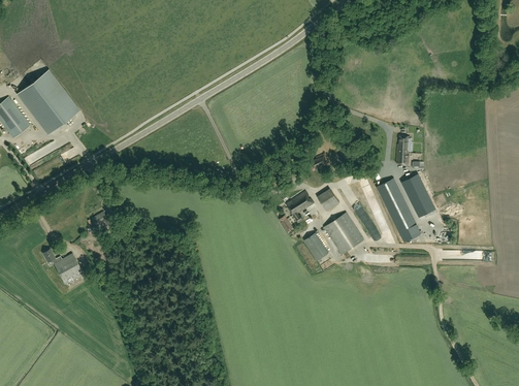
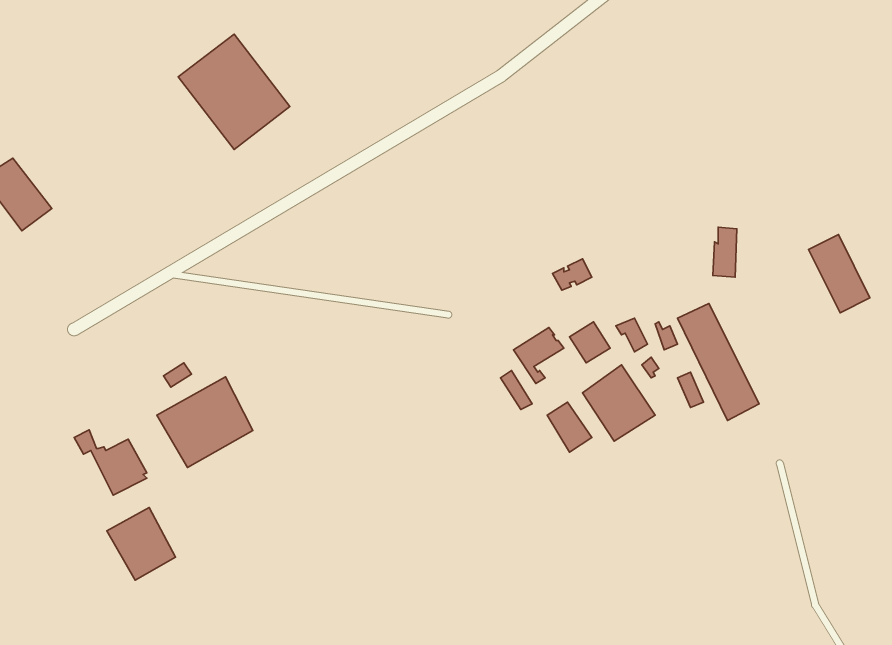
building: [17,70,78,134] -> [178,34,290,149]
building: [401,173,435,217] -> [809,235,870,313]
building: none -> [157,377,253,467]
building: none -> [107,507,175,580]

